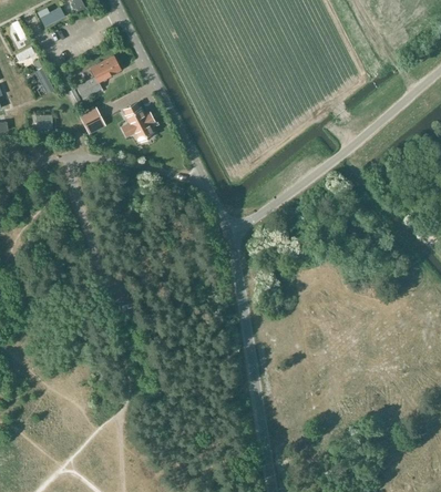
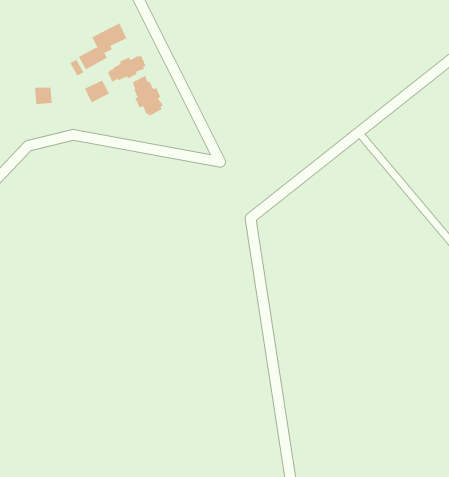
building: none -> [107,55,146,83]

